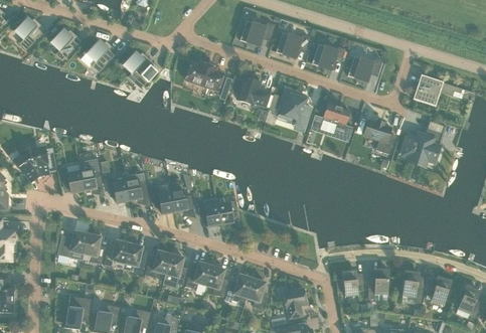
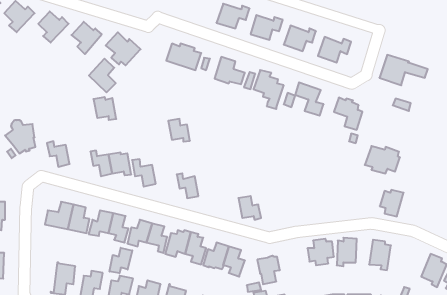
building: none -> [89,59,116,92]
building: [401,134,439,163] -> [365,146,400,173]
building: [78,167,103,191] -> [93,97,116,120]
building: [170,188,193,212] -> [168,119,190,142]
building: [215,200,239,225] -> [238,196,261,220]
building: [425,276,450,304] -> [380,190,404,216]
building: none -> [110,248,132,273]

